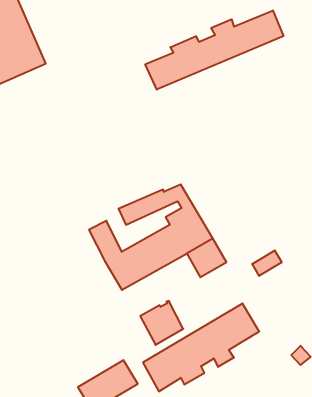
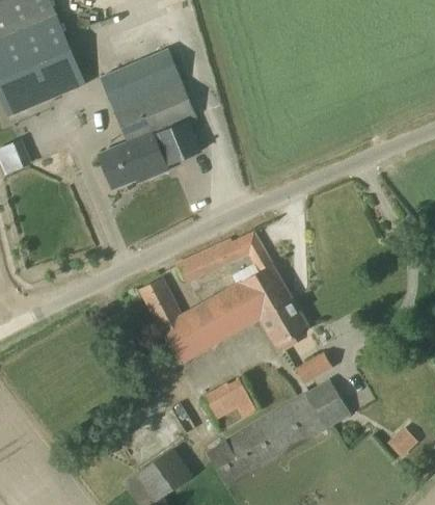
building: [145,10,283,90] -> none
building: none -> [98,48,199,187]
building: [252,250,282,276] -> [295,351,331,382]

